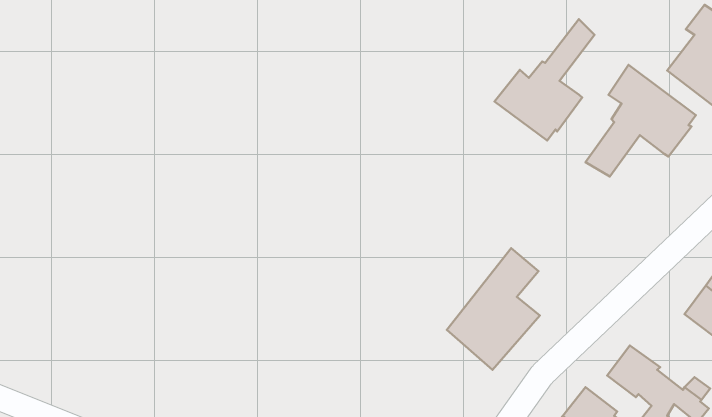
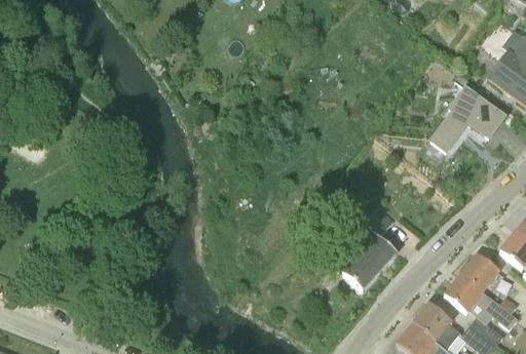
building: [494,19,594,141] -> none
building: none -> [460,253,497,289]

